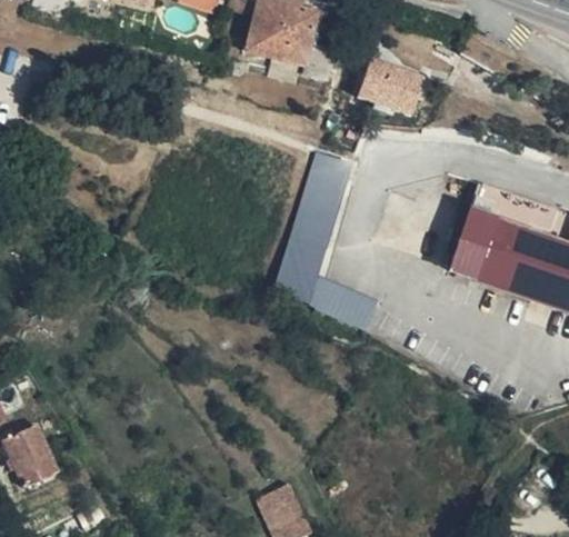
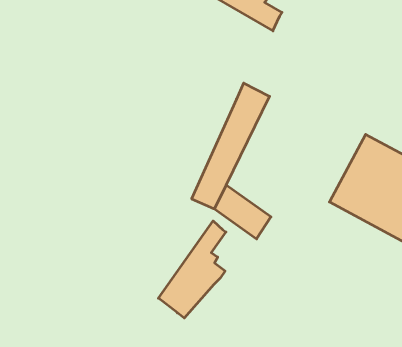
building: [368,63,433,118] -> none
building: none -> [158,221,226,318]

